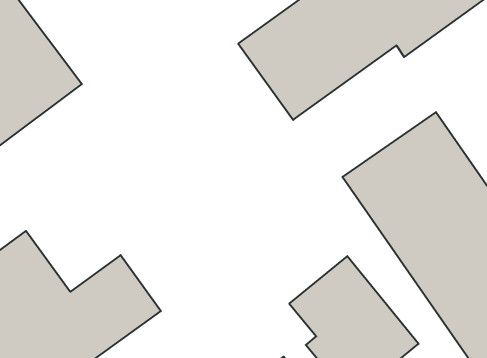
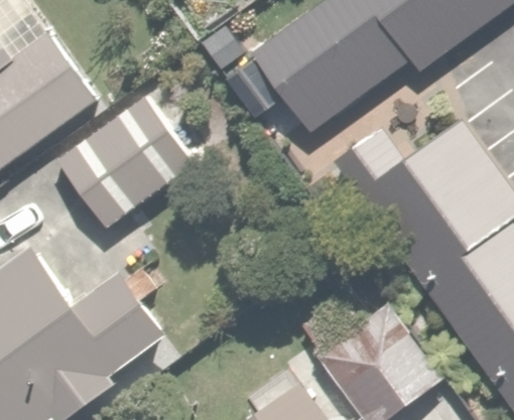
building: none -> [59,102,185,227]

